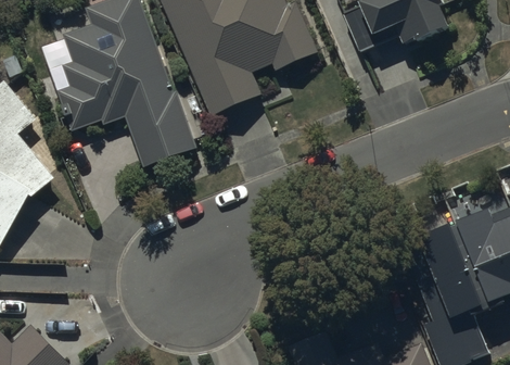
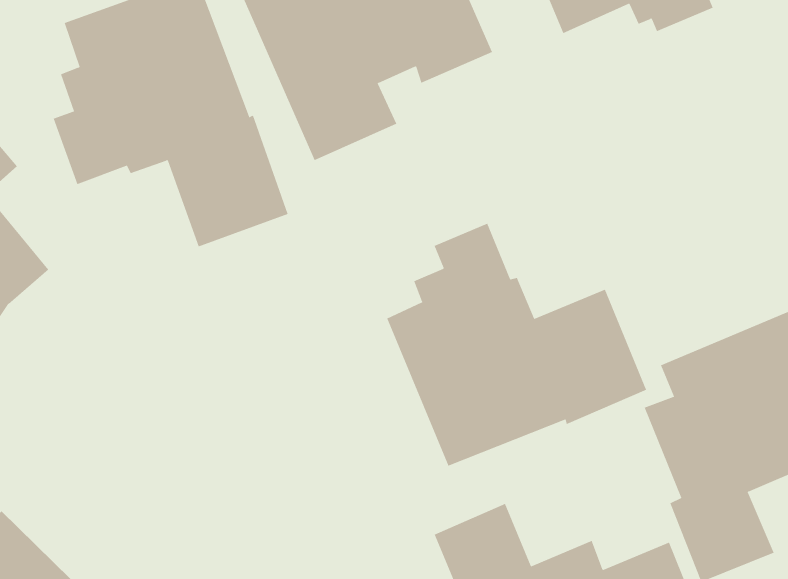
building: none -> [386,223,647,466]

